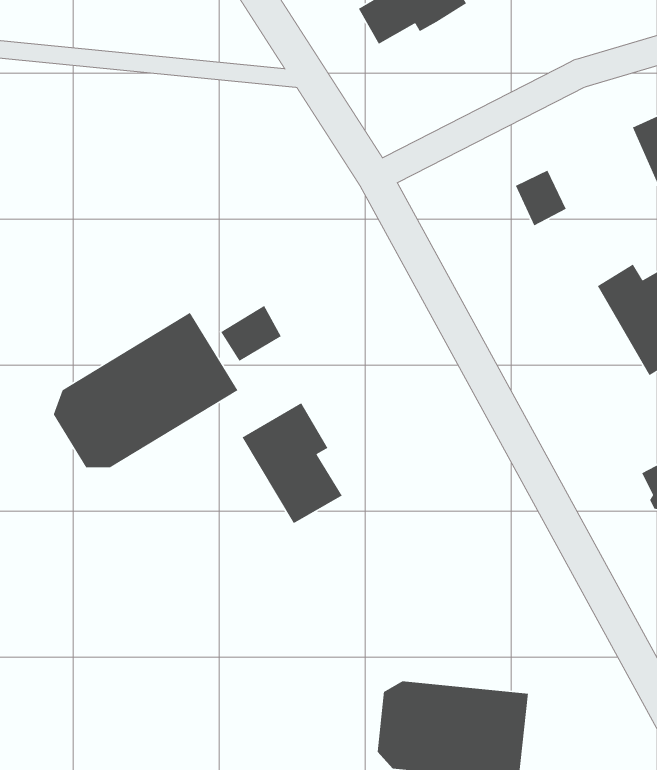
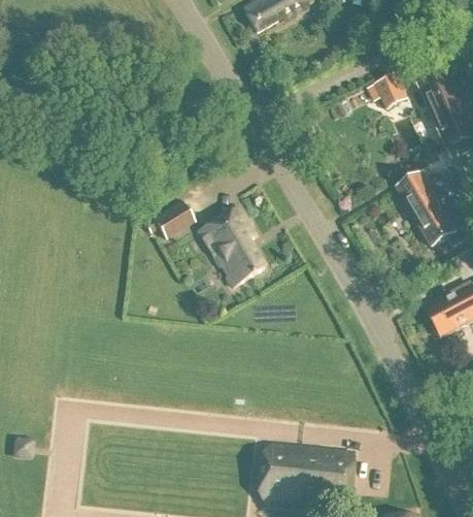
building: [515,169,567,227] -> [372,71,406,108]
building: [53,312,238,468] -> none
building: [241,402,343,524] -> [196,205,262,285]

